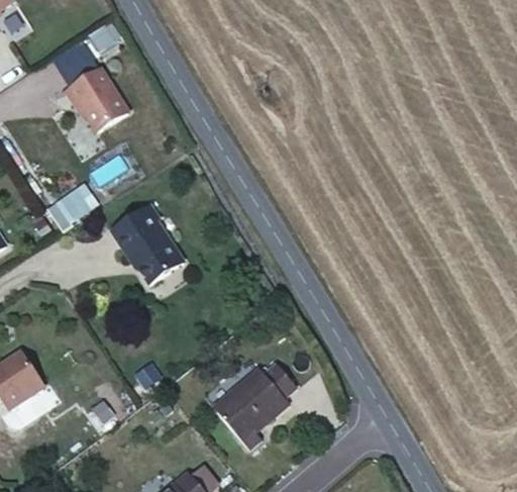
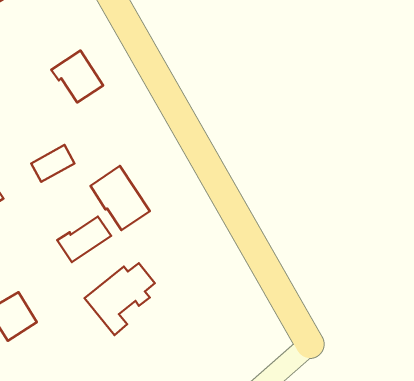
building: none -> [57,216,111,262]
building: [208,369,293,456] -> [84,263,155,335]

